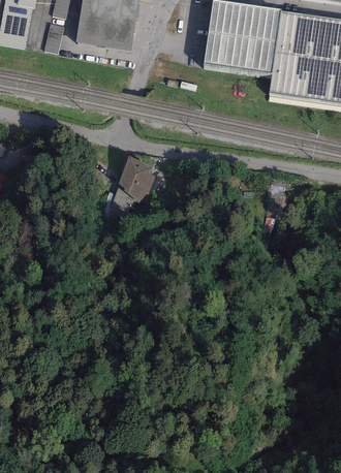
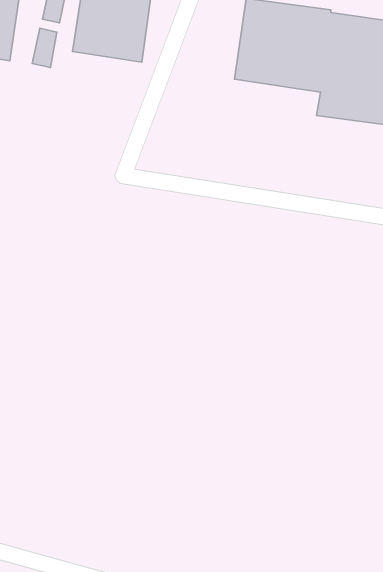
building: [109,156,155,219] -> none

